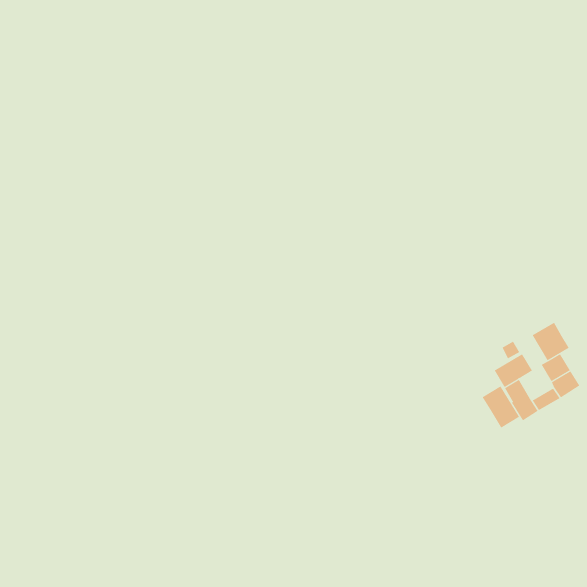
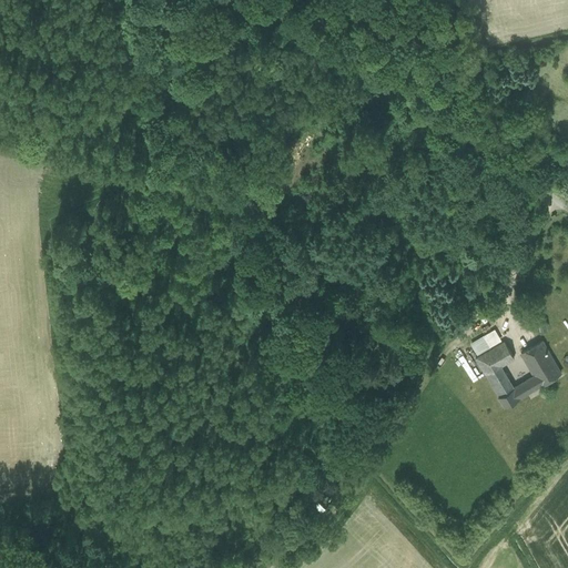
building: [532,322,570,361] -> none
building: [482,386,520,429] -> none

